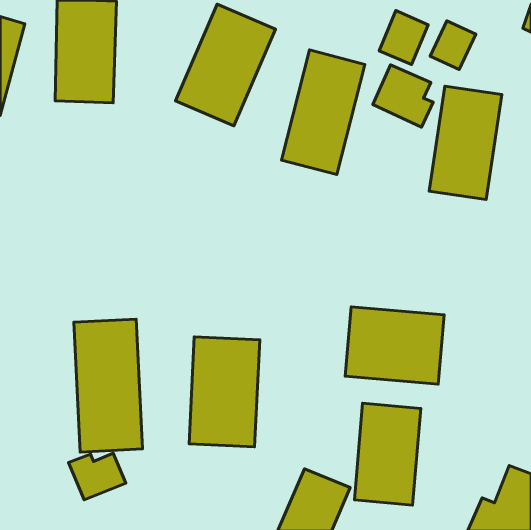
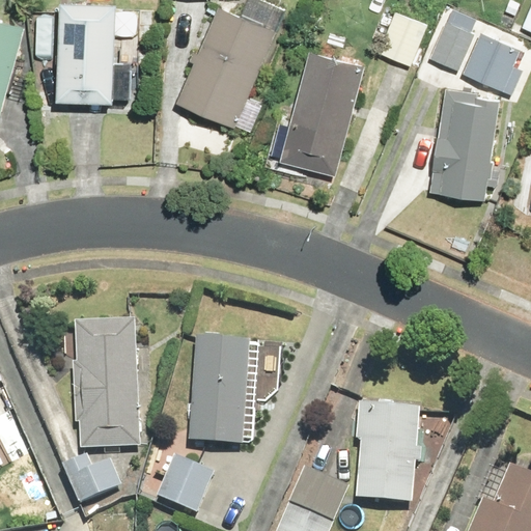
building: [373,65,433,127] -> [463,33,523,95]
building: [345,307,444,384] -> none
building: none -> [158,456,217,516]

